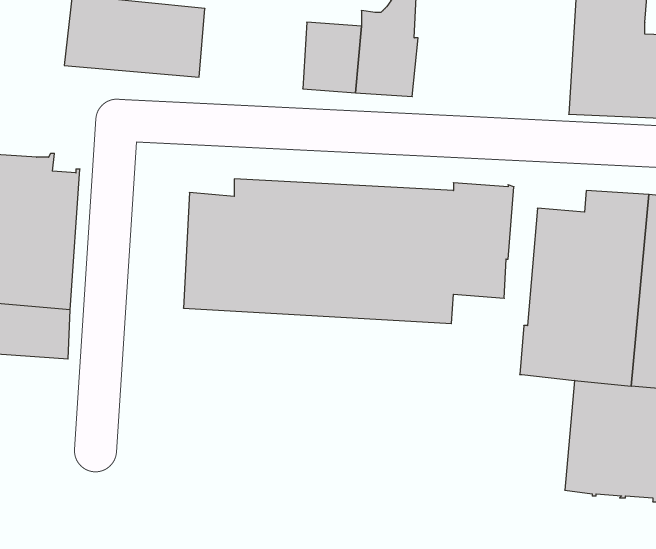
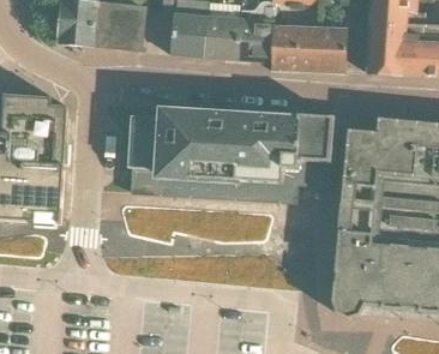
building: none -> [170,12,206,55]
building: none -> [271,24,345,72]
building: none -> [332,230,371,316]

